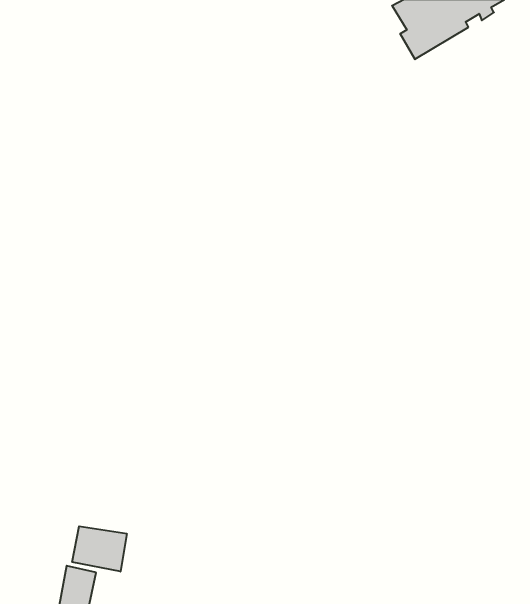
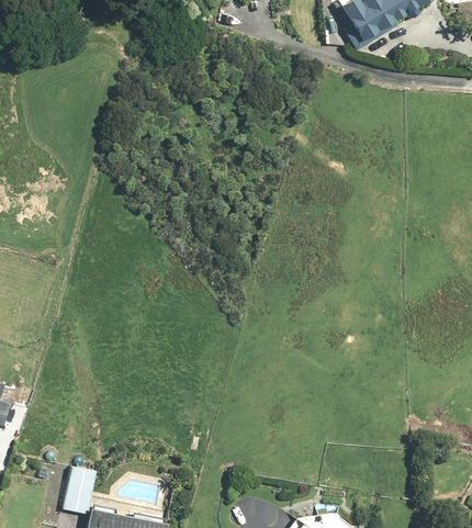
building: [72,526,127,572] -> none

